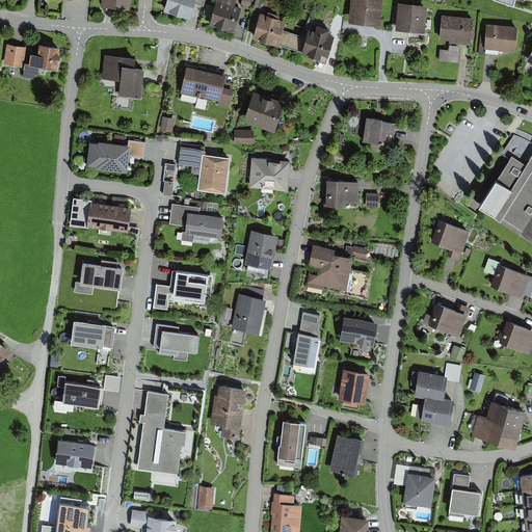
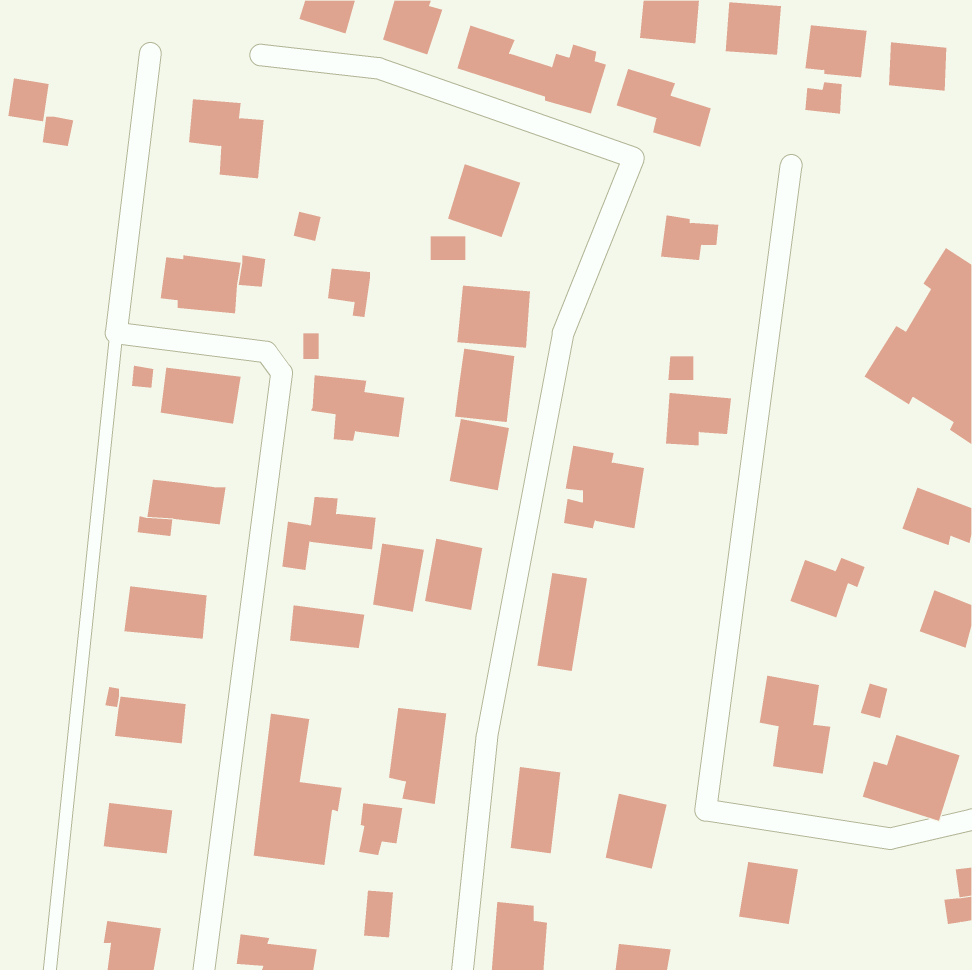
building: none -> [616,68,712,148]
building: [29,44,60,69] -> none
building: [181,65,234,108] -> none
building: [197,153,231,193] -> [454,348,515,422]
building: [323,181,360,210] -> [665,393,732,446]
building: [434,223,468,263] -> none
building: none -> [373,543,425,612]
building: [340,316,378,346] -> none
building: [339,369,370,404] -> none
building: none -> [359,803,403,856]
building: [446,474,479,516] -> none

